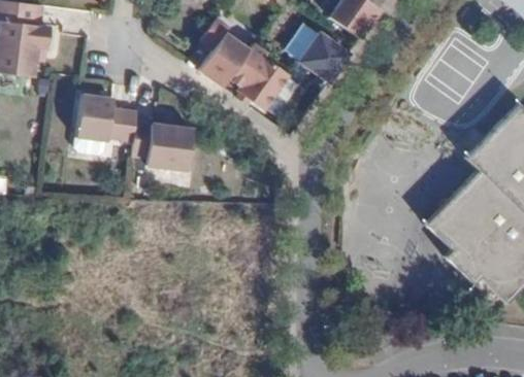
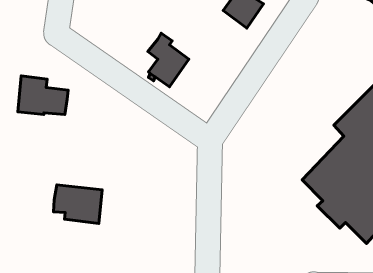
building: [198,18,249,87] -> none
building: [298,30,349,81] -> none
building: [133,125,193,172] -> [53,185,102,223]

